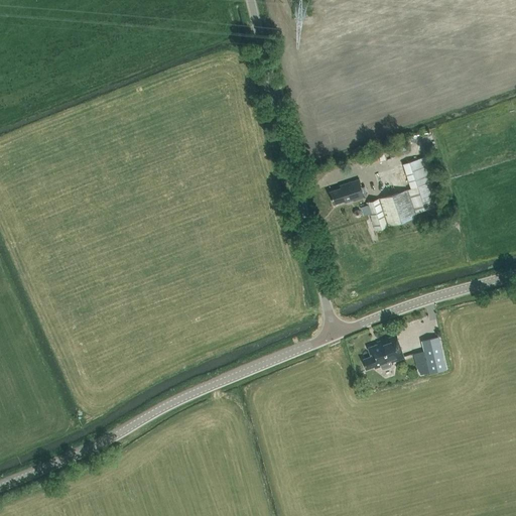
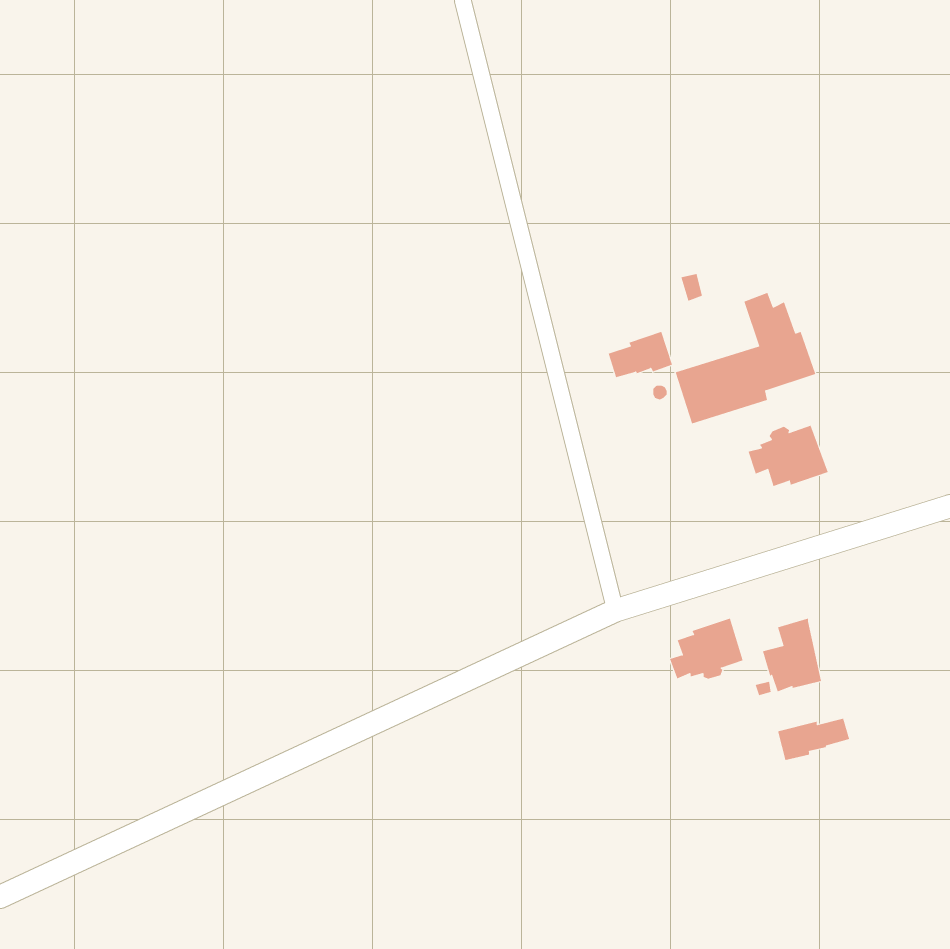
building: none -> [748,425,829,487]
building: none -> [778,718,850,761]

